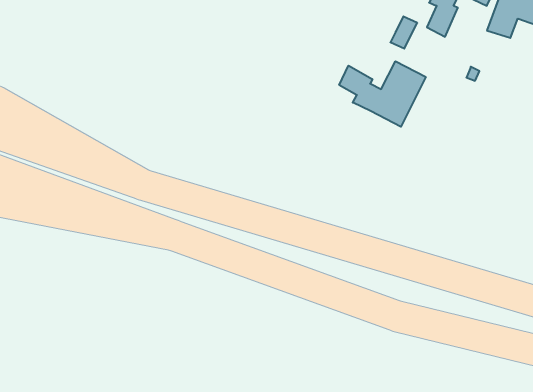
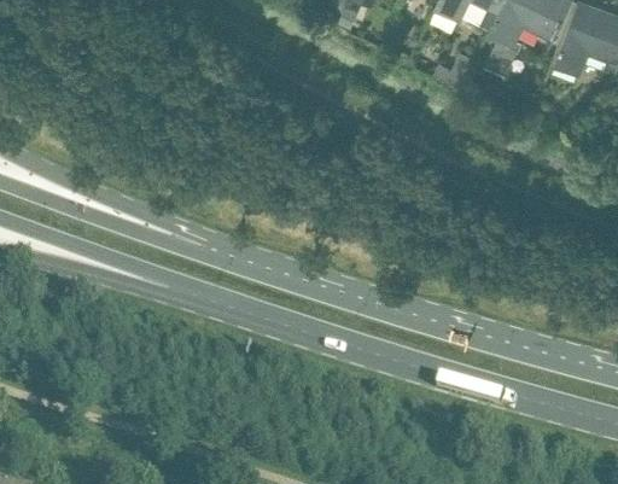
building: [339,61,426,127] -> none

